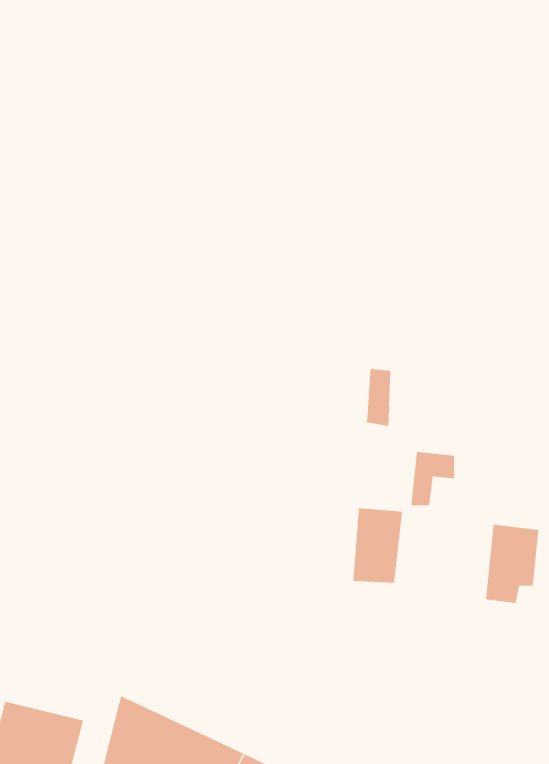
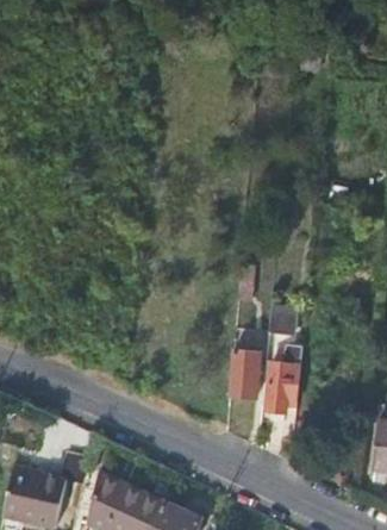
building: [485,524,539,603] -> [267,363,300,412]

